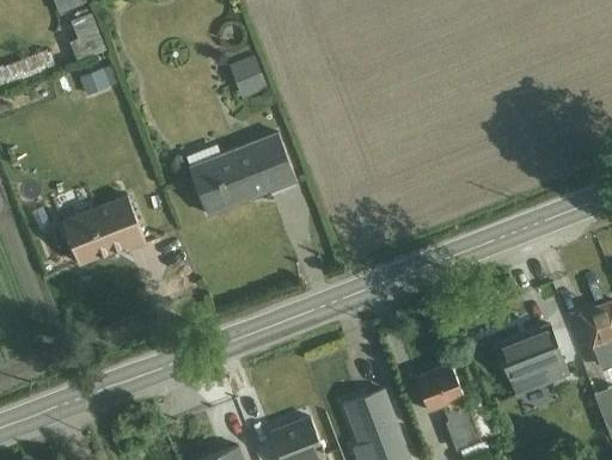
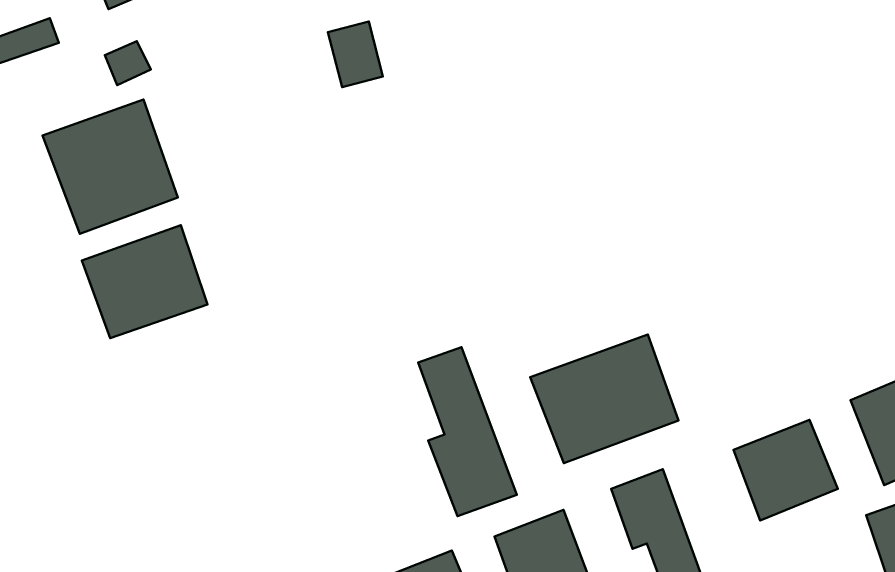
building: none -> [43,100,178,234]
building: [189,135,298,220] -> none
building: none -> [530,334,678,463]
building: none -> [418,347,517,516]

